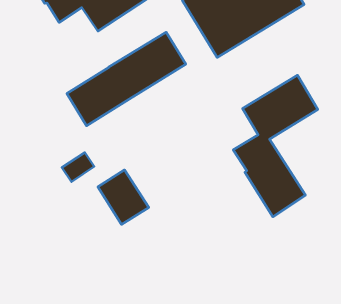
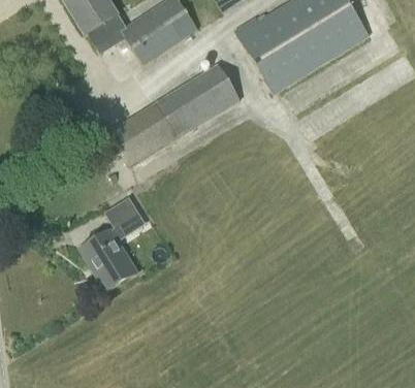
building: [233,75,318,217] -> none
building: [98,170,149,225] -> [81,230,136,290]

